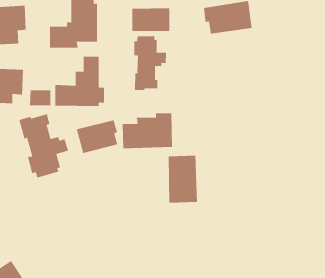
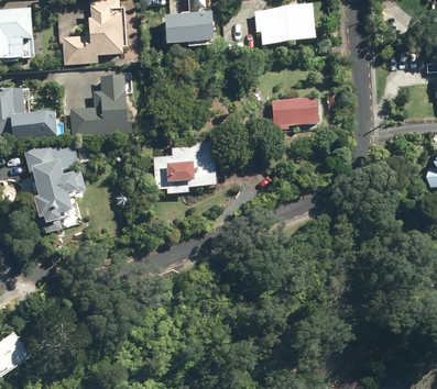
building: [134,36,167,91] -> none
building: none -> [272,99,316,123]
building: [76,119,118,154] -> none
building: [168,155,197,203] -> none

